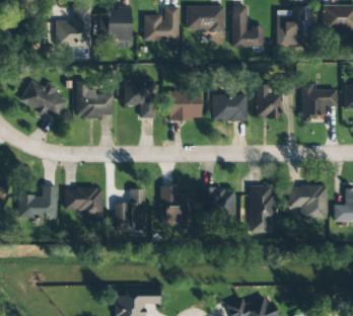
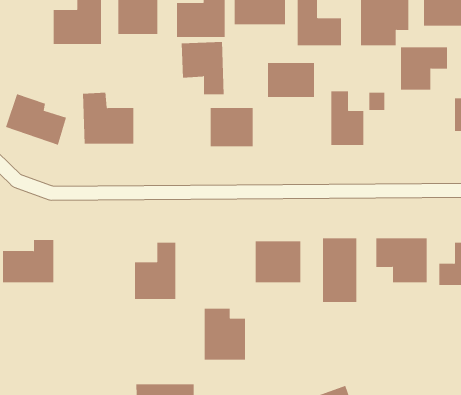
building: [124,79,155,117] -> [181,42,224,95]
building: [301,89,336,121] -> [400,47,448,90]
building: [212,94,246,120] -> [267,62,315,98]
building: [160,186,191,224] -> [204,308,246,360]
building: [64,188,102,220] -> none

